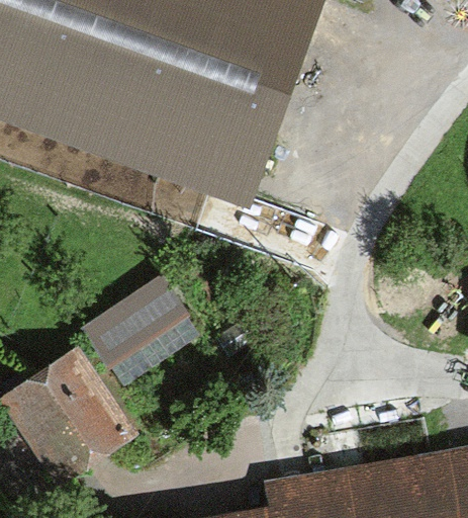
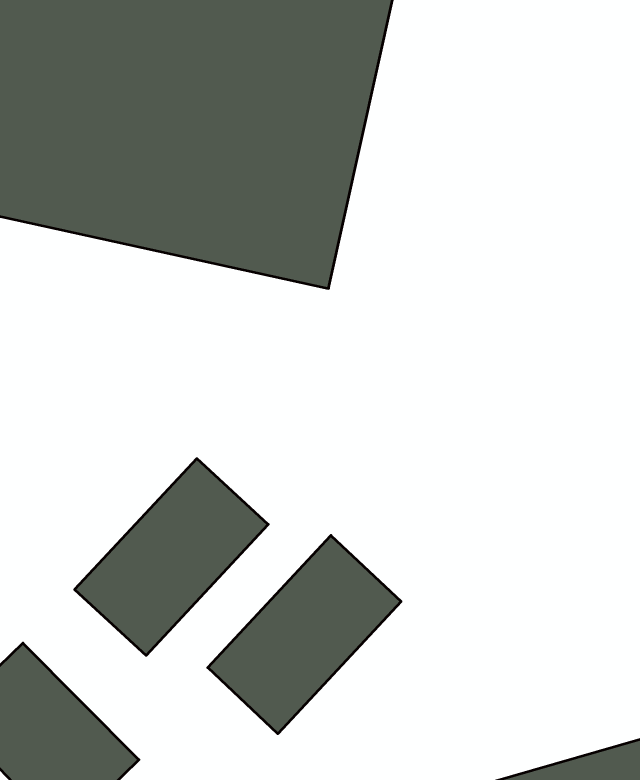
building: none -> [208,535,401,734]

